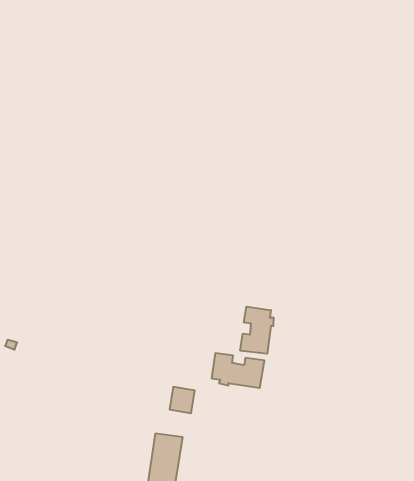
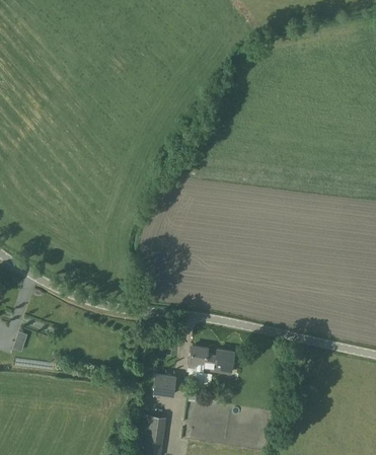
building: [240,307,273,354] -> none

